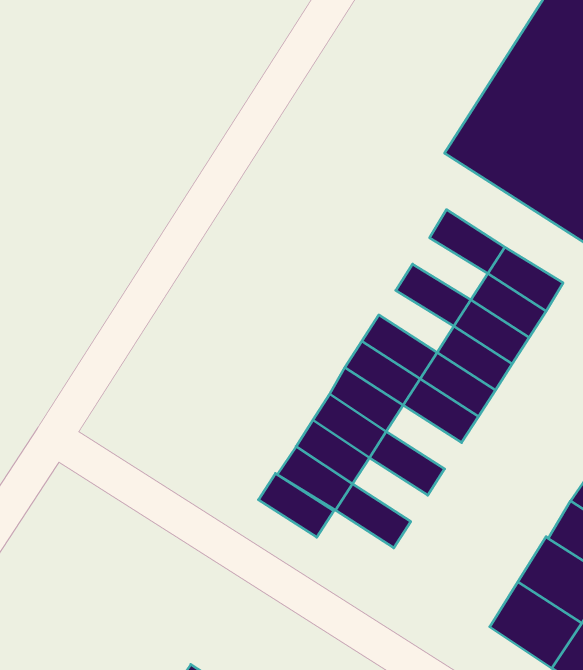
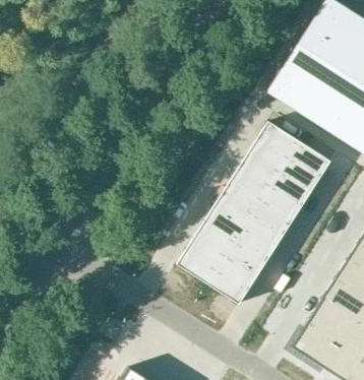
building: none -> [250,136,291,170]
building: none -> [232,165,272,198]
building: none -> [236,227,277,261]
building: [258,473,334,537] -> [218,255,258,290]

